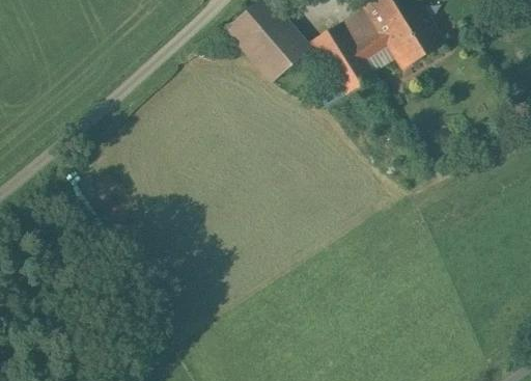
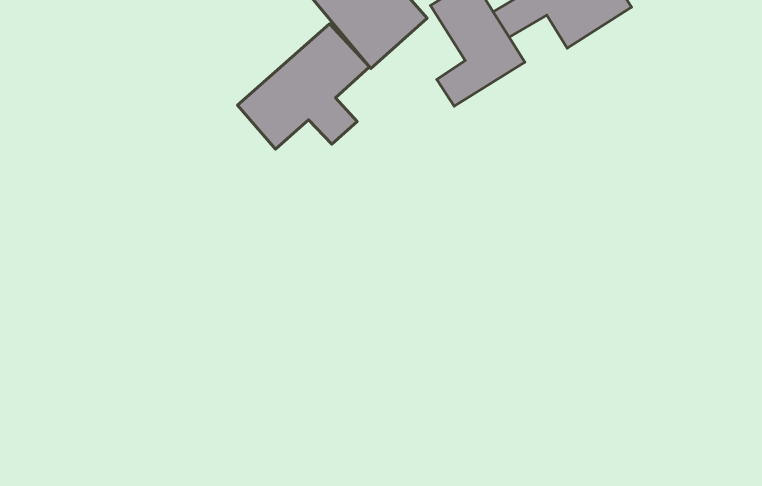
building: none -> [238,24,369,149]

